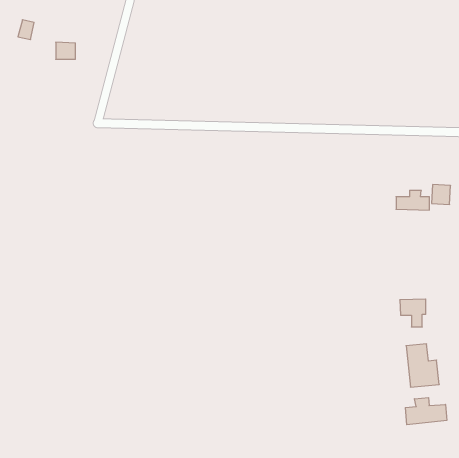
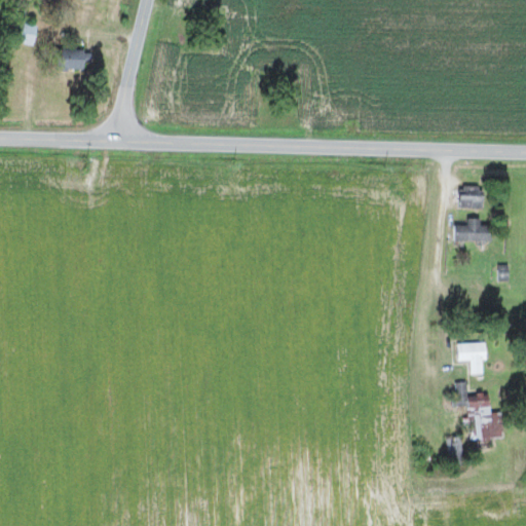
building: [432,185,451,204] -> [462,186,484,209]
building: [405,398,447,425] -> none

